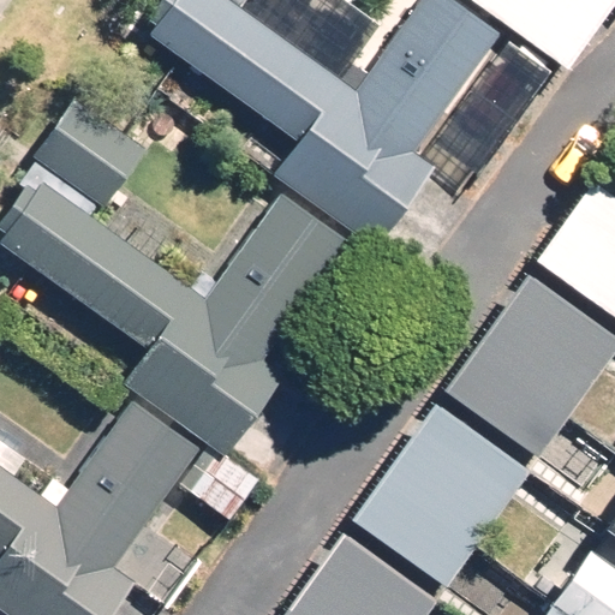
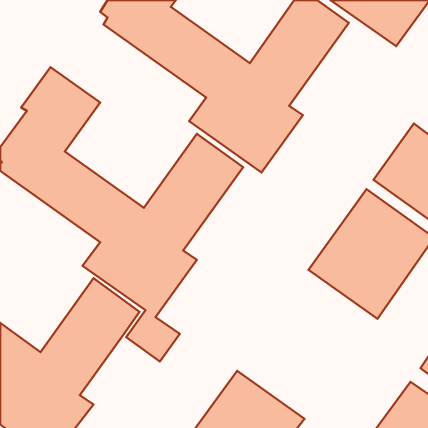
building: [350,401,532,586] -> none

